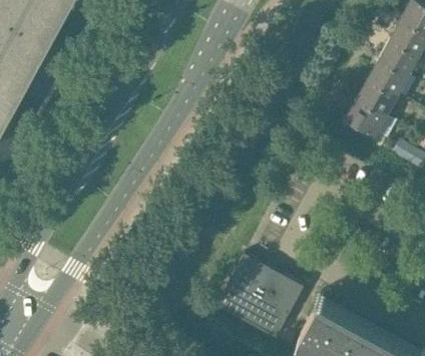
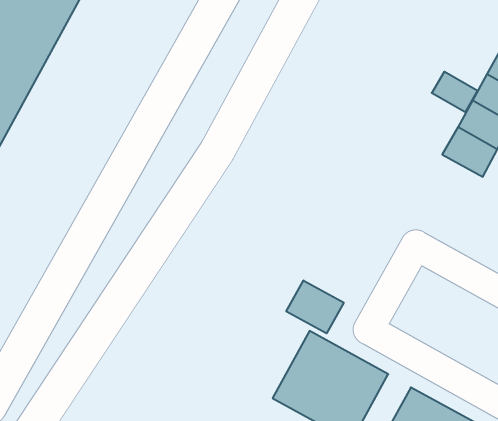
building: none -> [432,72,478,112]
building: none -> [286,280,344,333]

